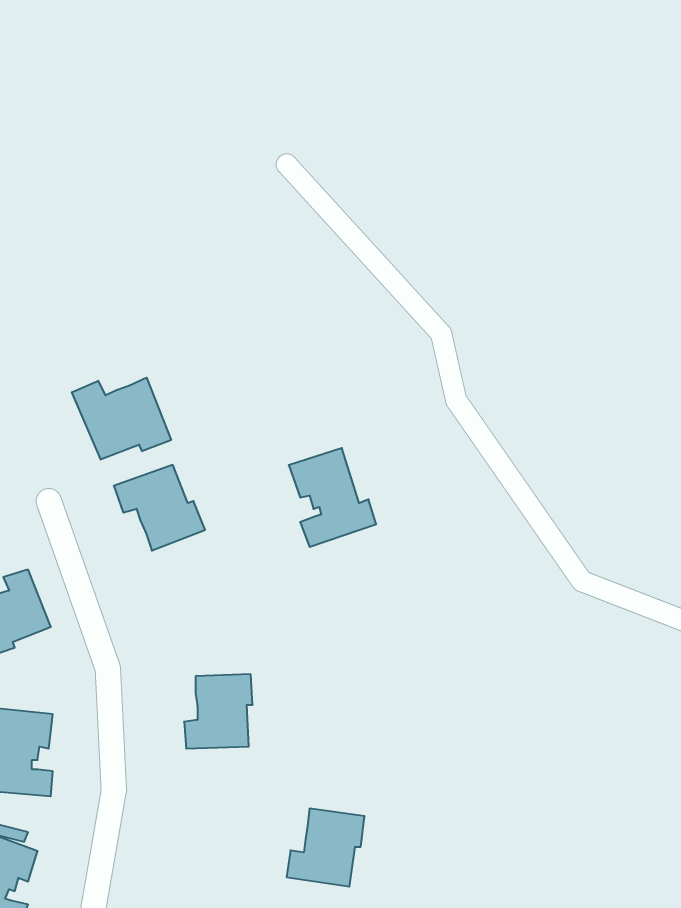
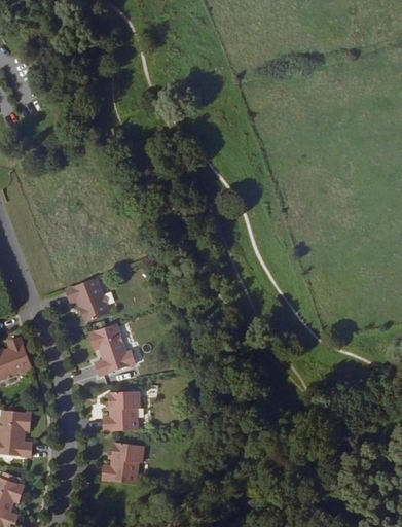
building: [72,378,171,460] -> none
building: [289,448,376,547] -> [88,323,136,377]
building: [287,809,365,887] -> [102,443,144,485]

